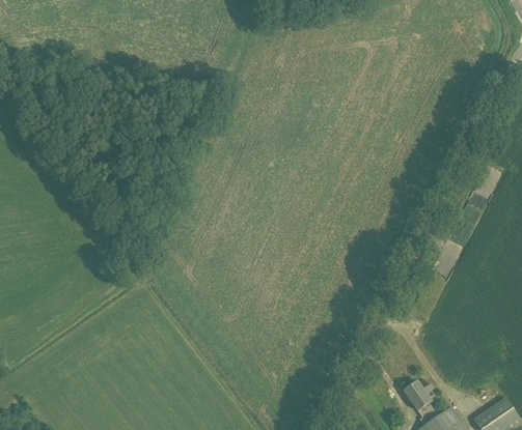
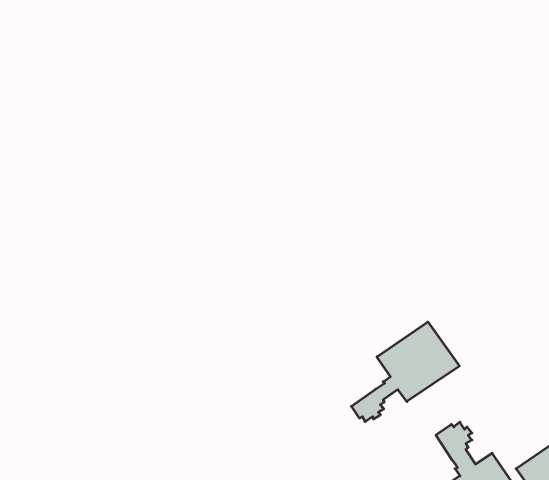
building: none -> [351,322,459,422]

